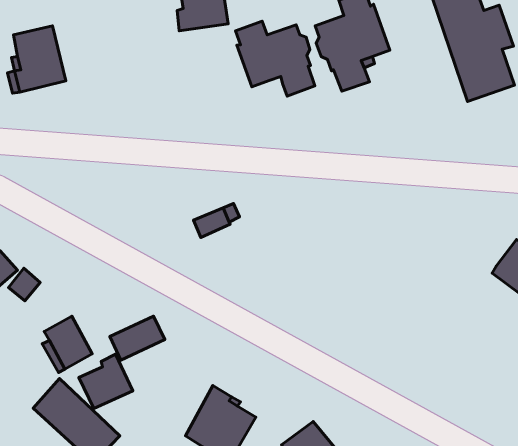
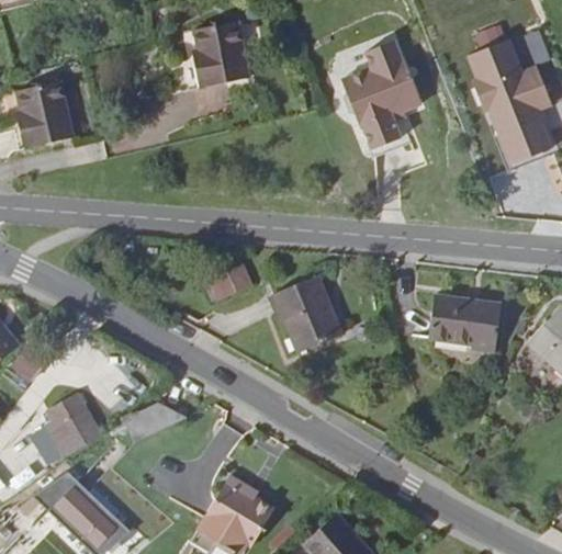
building: [235,21,315,96] -> none
building: none -> [269,281,340,362]
building: none -> [431,296,506,350]
building: [79,354,133,408] -> none

